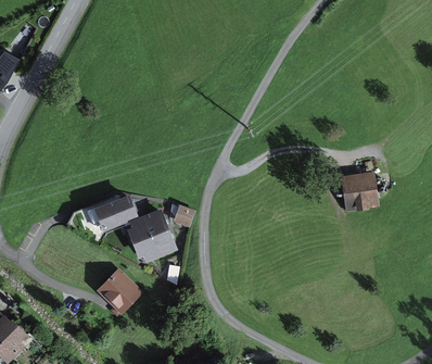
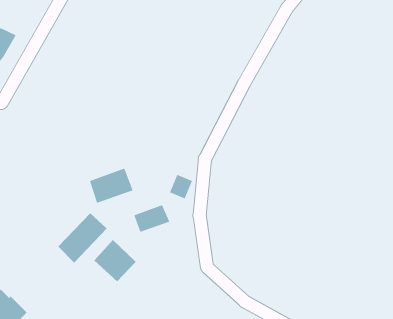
building: [342,175,374,209] -> none
building: [129,214,165,242] -> none
building: none -> [57,213,108,263]

